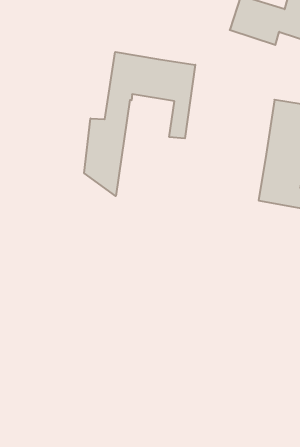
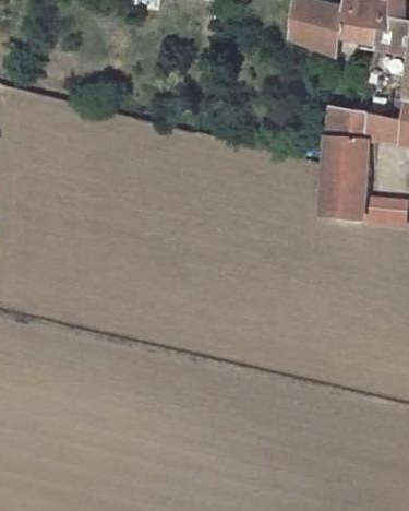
building: [84,52,195,196] -> none

